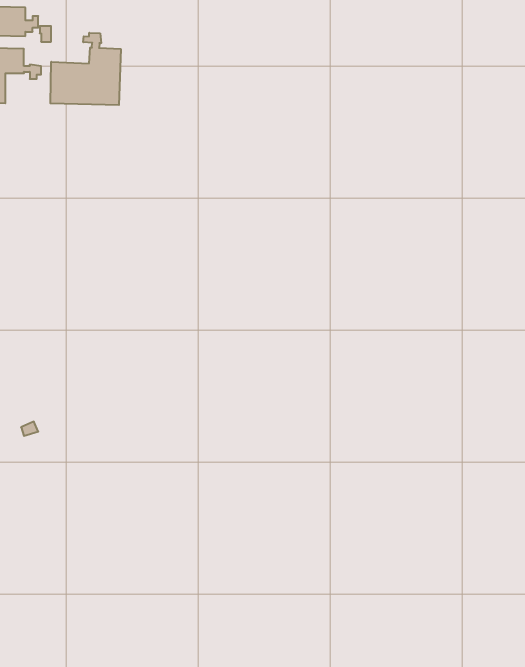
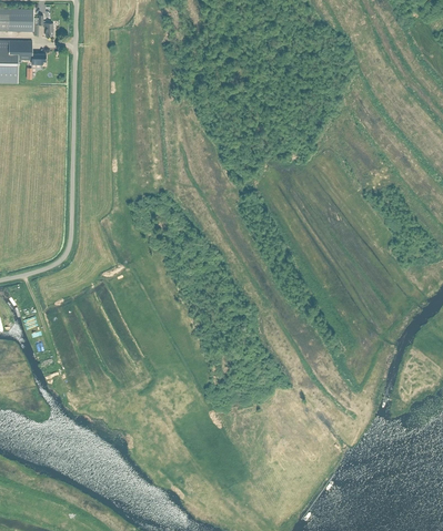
building: [50,33,121,105] -> none

